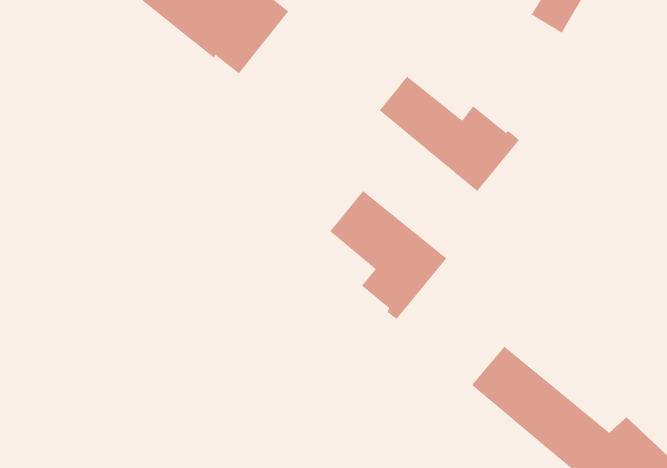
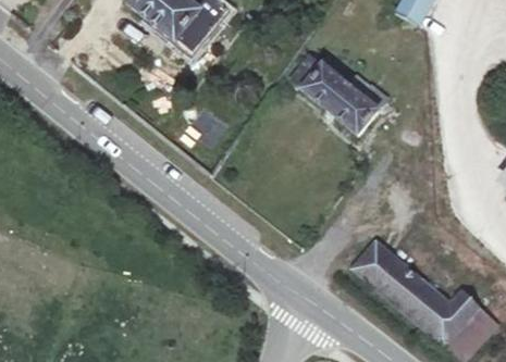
building: [330,190,447,320] -> none

